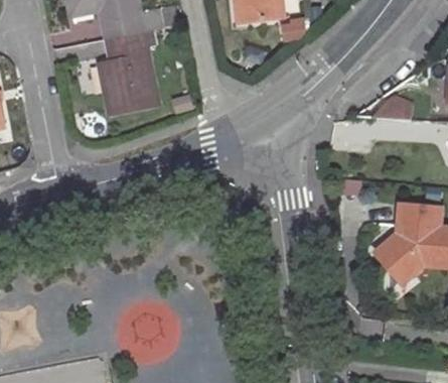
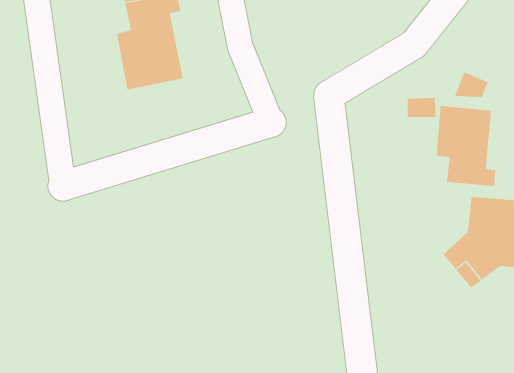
building: none -> [436,105,496,187]

